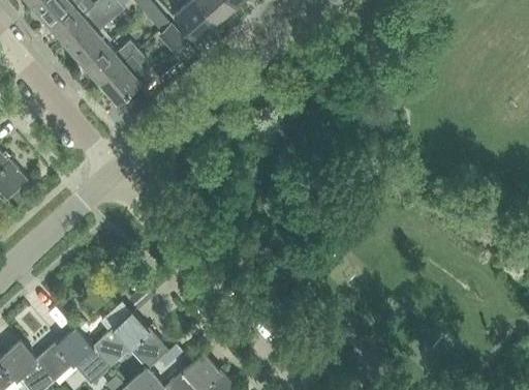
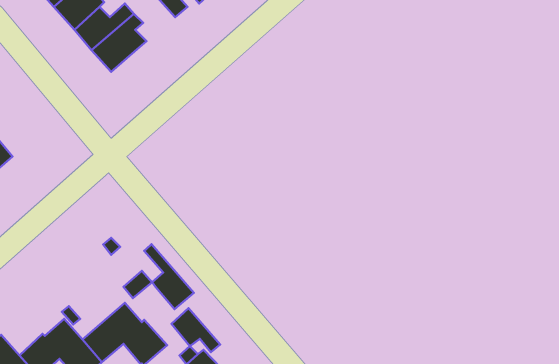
building: none -> [144,244,194,309]
building: none -> [171,308,220,352]

